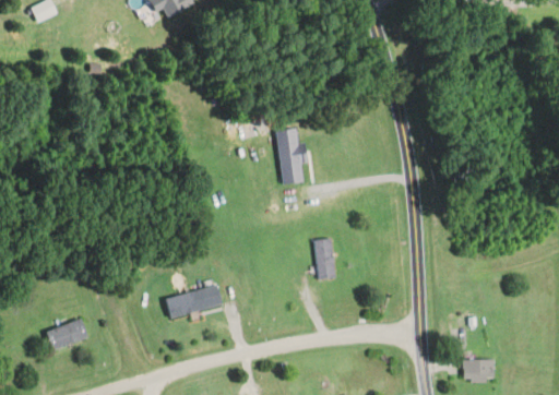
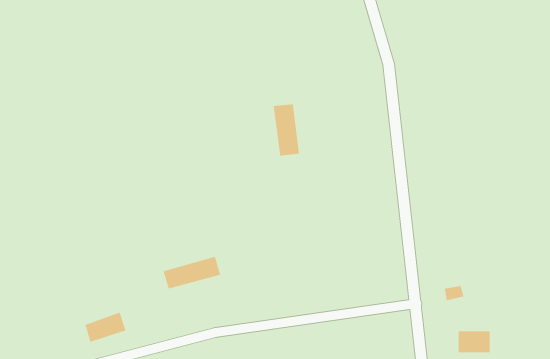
building: [317,239,335,278] -> none
building: [47,318,90,349] -> [84,311,127,343]

